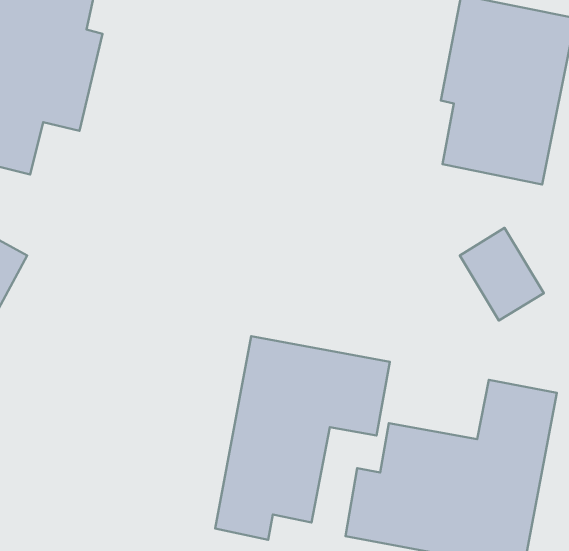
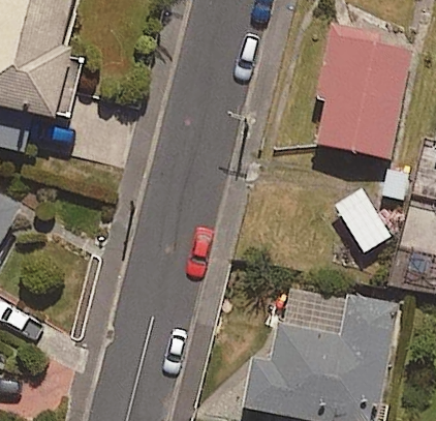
building: [215,336,390,540] -> none

